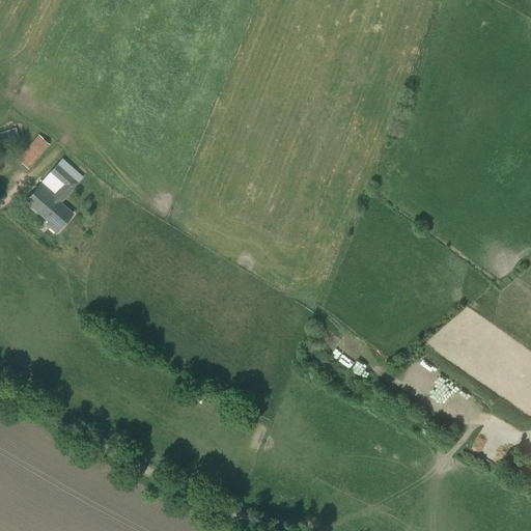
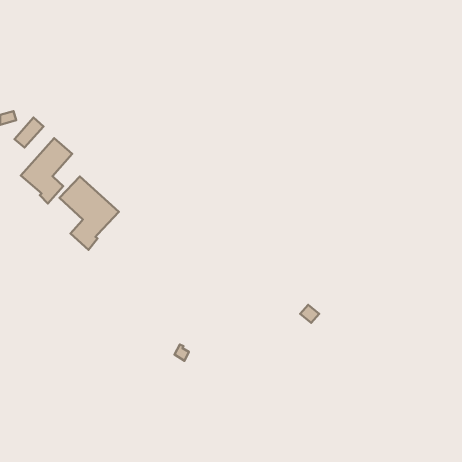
building: none -> [60,176,119,250]

